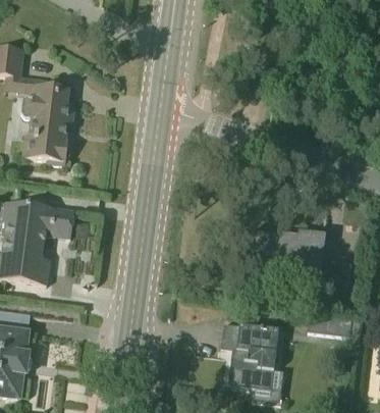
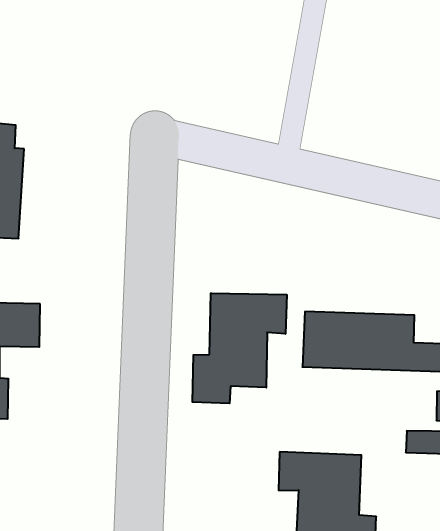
building: none -> [192,293,287,403]

